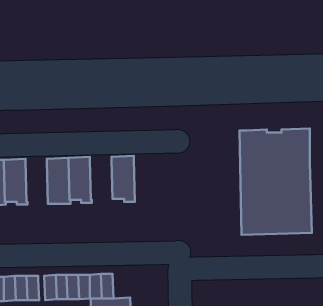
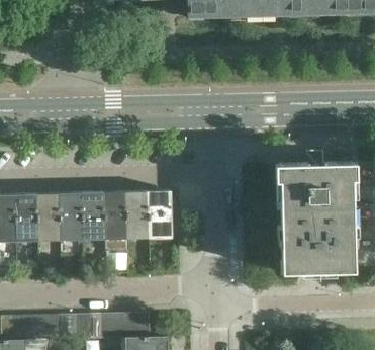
building: none -> [125,191,150,239]
building: none -> [59,193,82,241]

